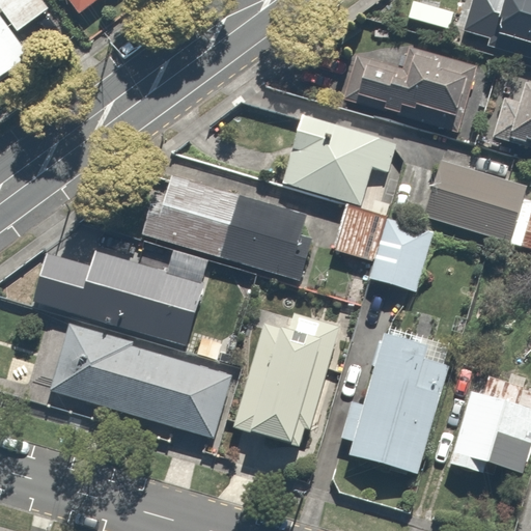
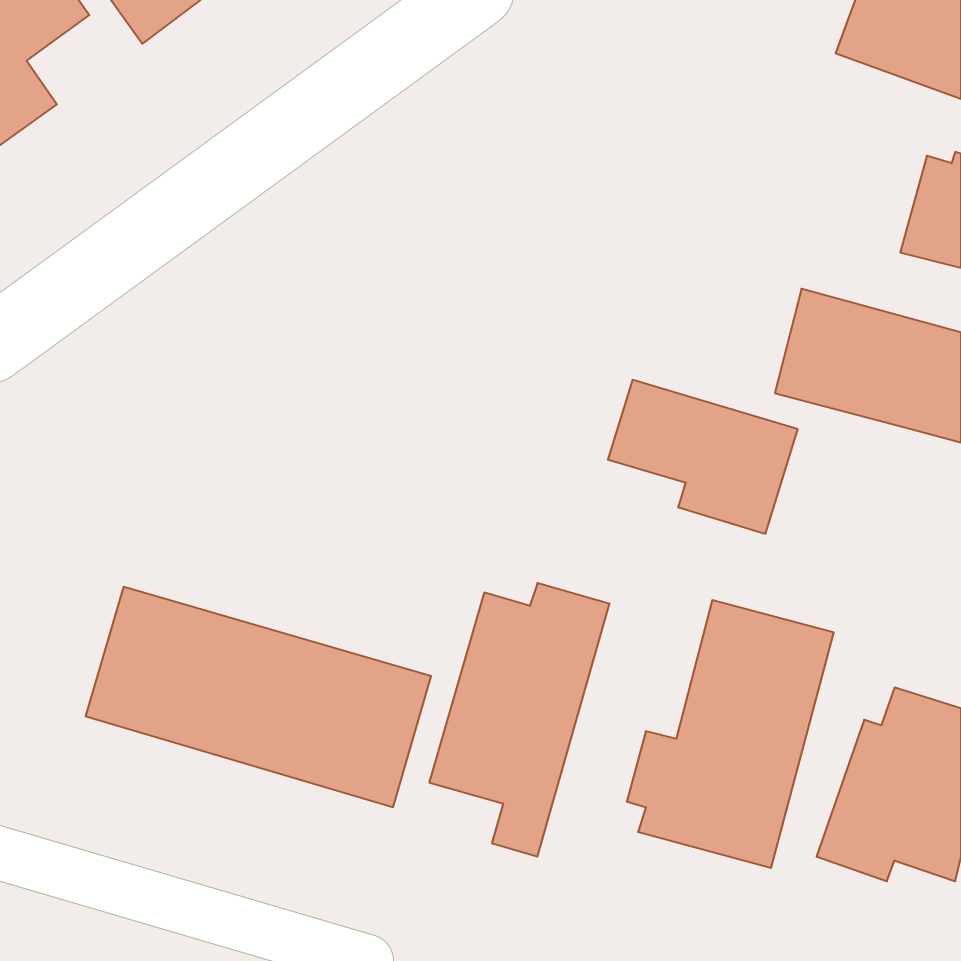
building: [343,40,483,135] -> none
building: [279,110,395,208] -> none
building: [138,174,309,279] -> none
building: [30,250,209,347] -> none

